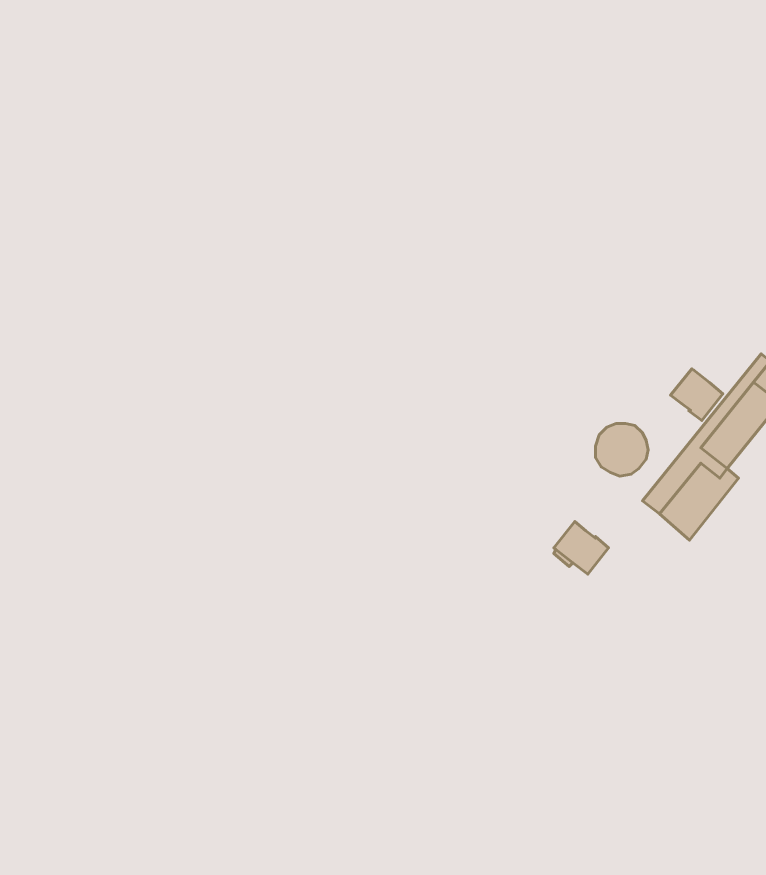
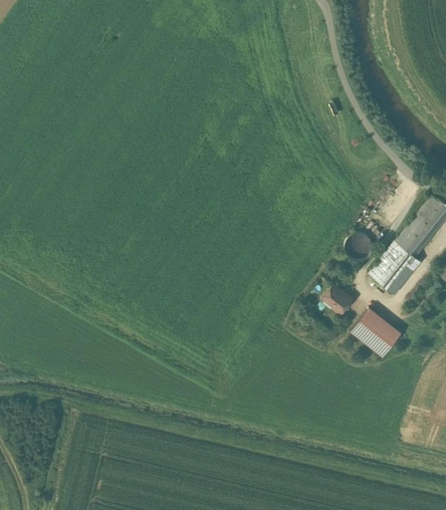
building: [671,369,723,420] -> none
building: none -> [350,307,400,355]

